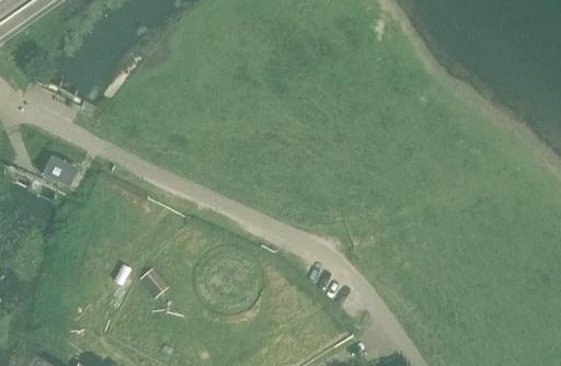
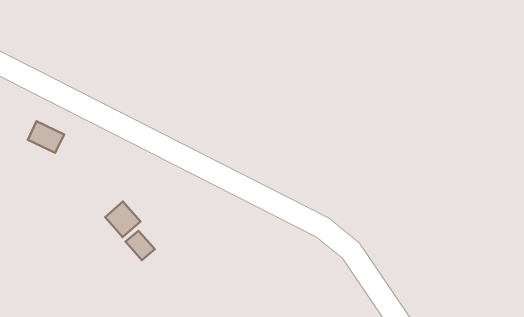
building: none -> [105,202,140,237]

